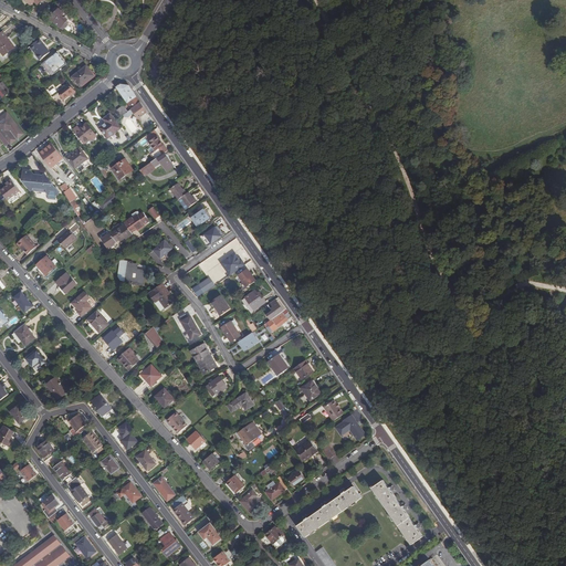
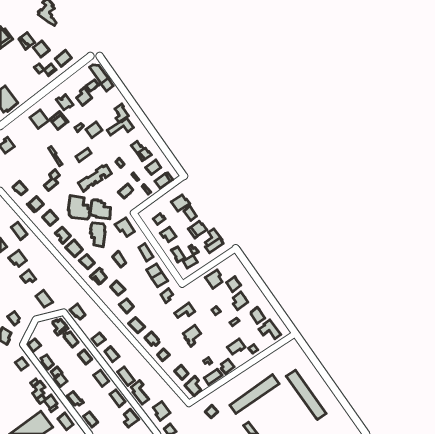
building: [20,168,59,199] -> none
building: none -> [68,195,90,219]
building: none -> [90,223,105,247]

